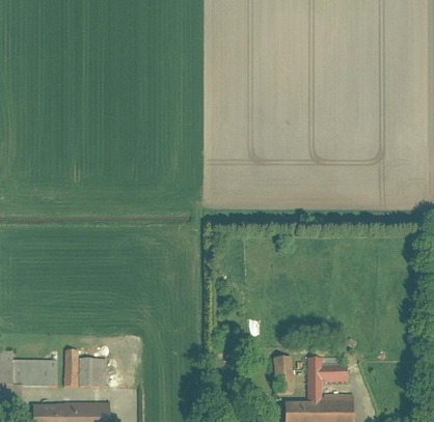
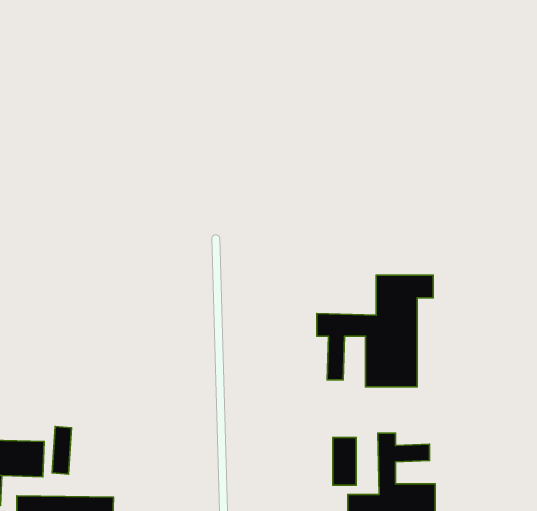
building: none -> [317,275,433,387]
building: [79,358,104,386] -> none

